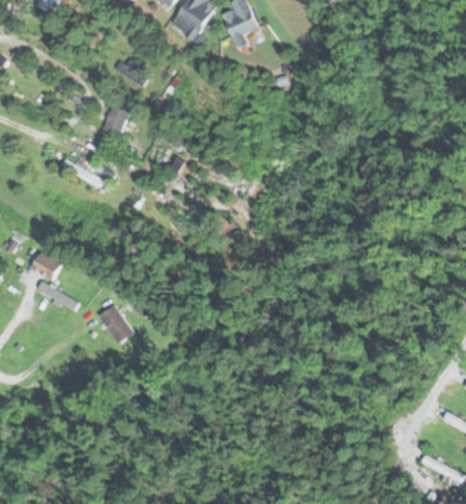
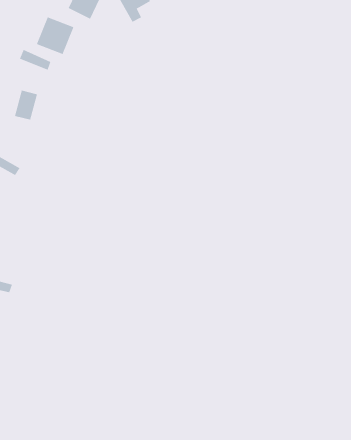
building: none -> [36,17,74,55]
building: [98,305,134,344] -> none

